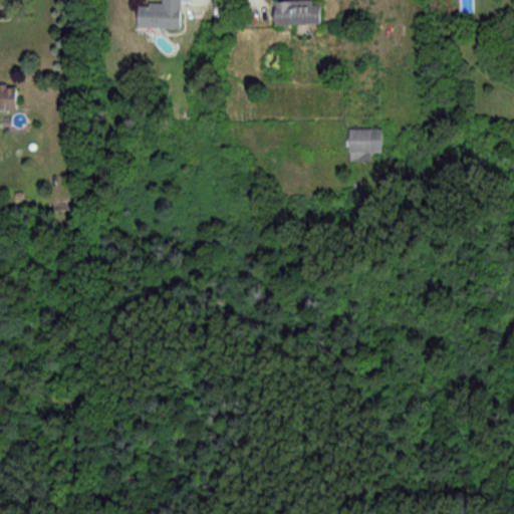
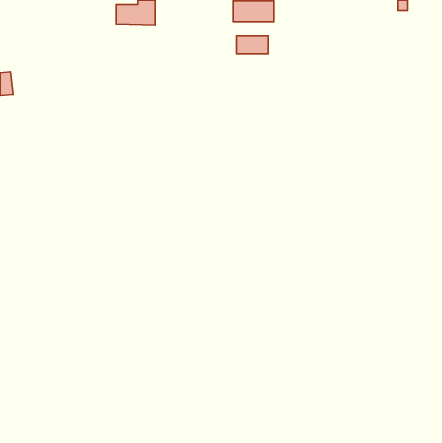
building: none -> [237,36,268,54]
building: [347,128,381,162] -> none

